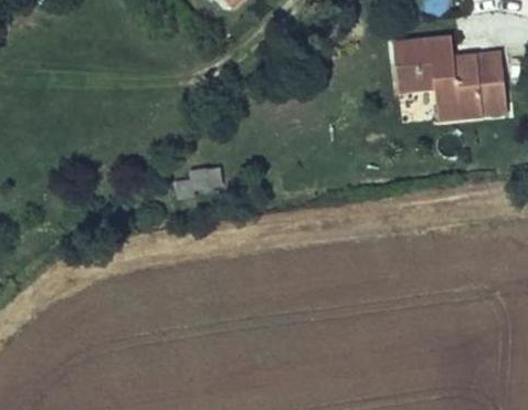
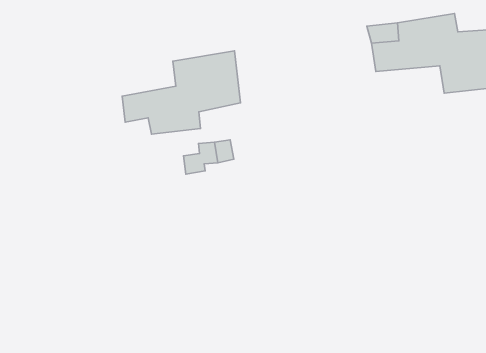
building: none -> [122,51,241,134]

